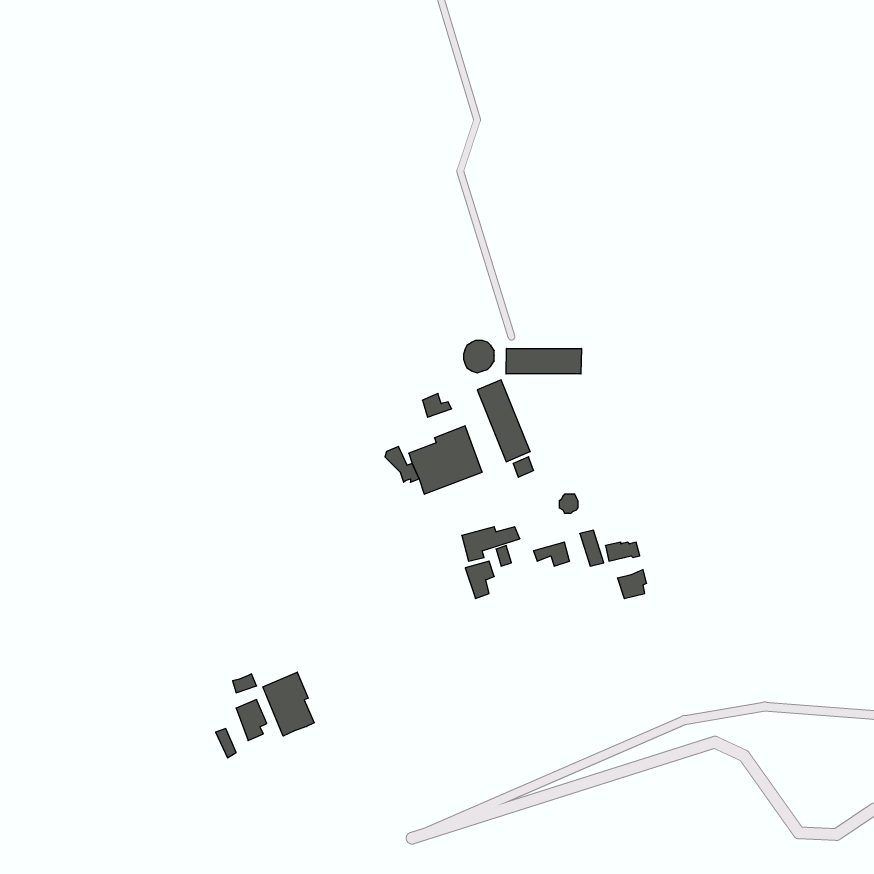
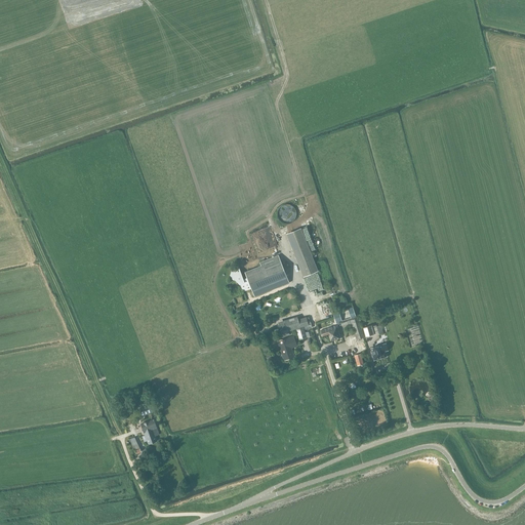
building: [506,348,581,374] -> none
building: [263,672,314,736] -> none

